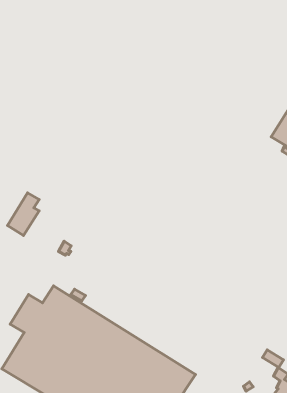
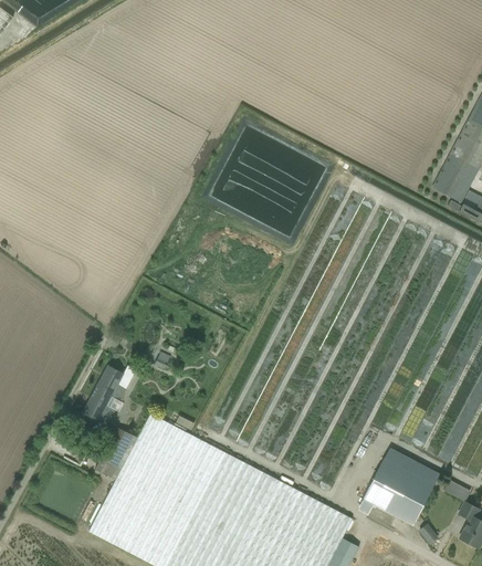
building: [7,193,39,235] -> [84,366,126,424]
building: none -> [363,450,440,527]

